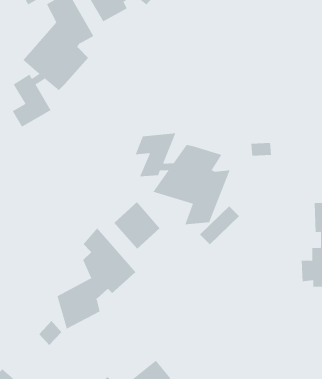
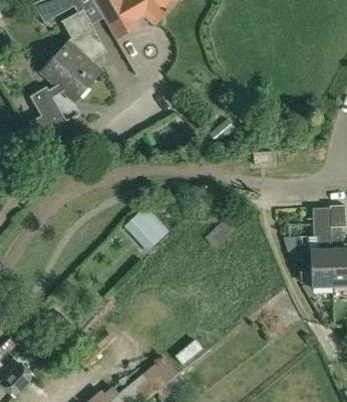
building: [135,132,231,225] -> none
building: [57,228,136,330] -> none

